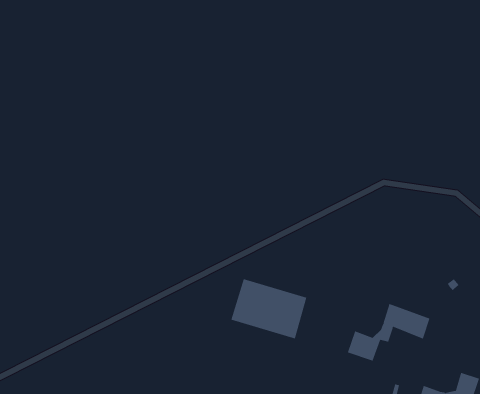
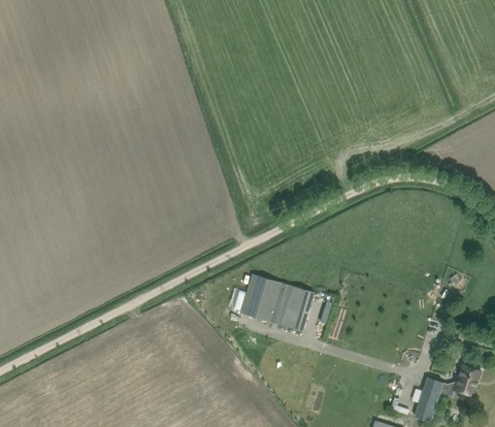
building: [347,303,430,361] -> none

